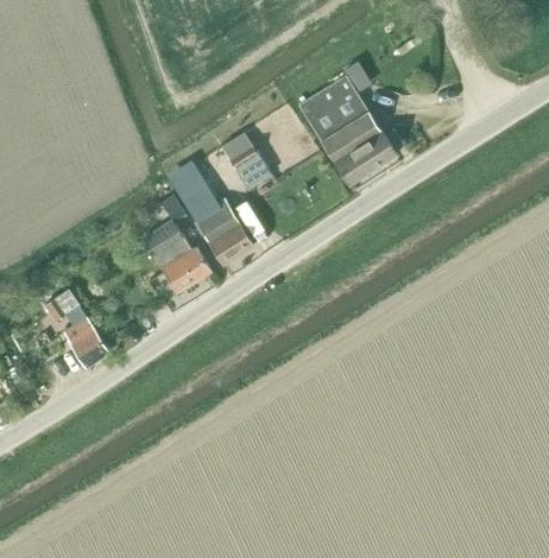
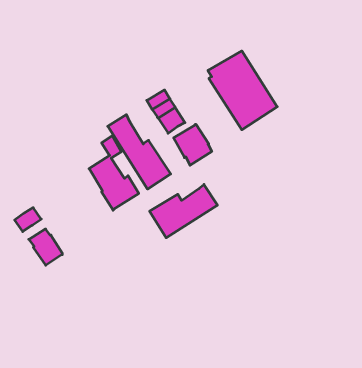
building: none -> [174,124,212,165]
building: none -> [150,184,217,238]

